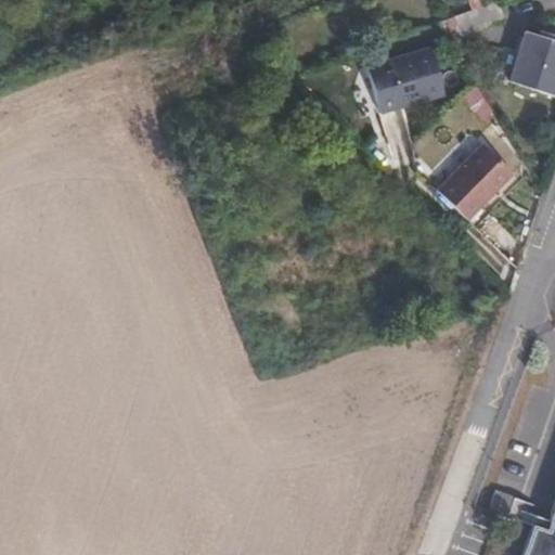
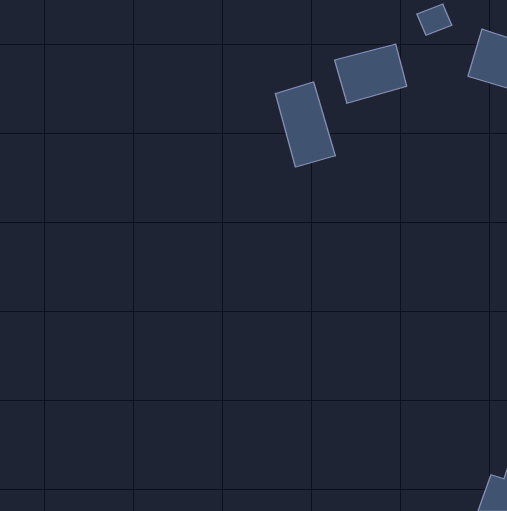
building: none -> [275,82,335,167]
building: [438,143,515,219] -> none

